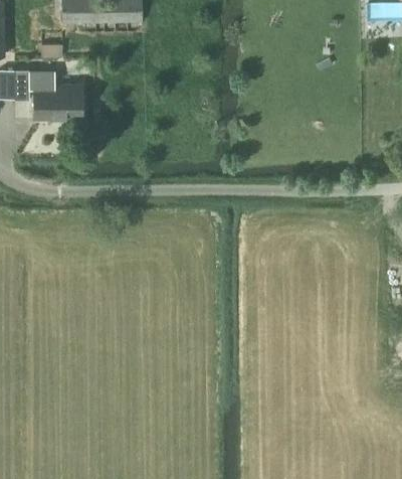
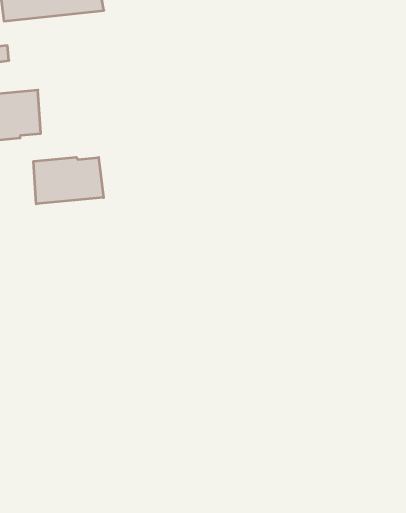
building: none -> [34,157,104,204]

